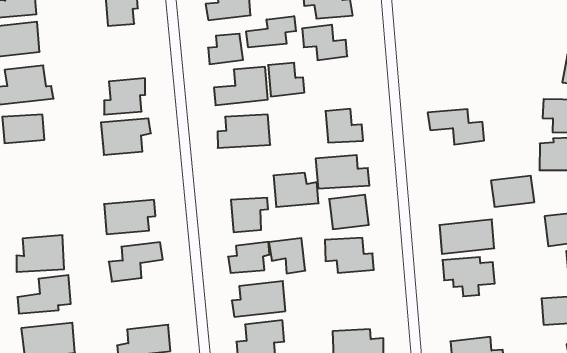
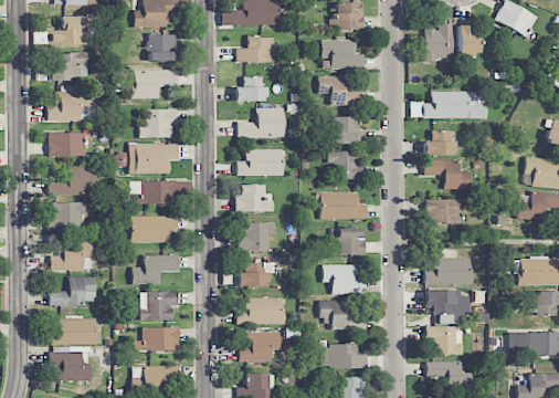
building: [246,16,296,47] -> none
building: none -> [423,91,487,118]
building: none -> [133,69,178,98]
building: [268,63,304,96] -> [334,116,363,144]
building: none -> [423,129,453,155]
building: none -> [49,165,96,195]
building: none -> [133,179,190,203]
building: [273,173,319,207] -> [235,184,273,211]
building: [491,176,534,207] -> [425,198,462,222]
building: none -> [52,201,86,227]
building: [269,238,305,273] -> [319,300,349,329]
building: none -> [140,291,178,320]
building: none -> [426,325,464,354]

